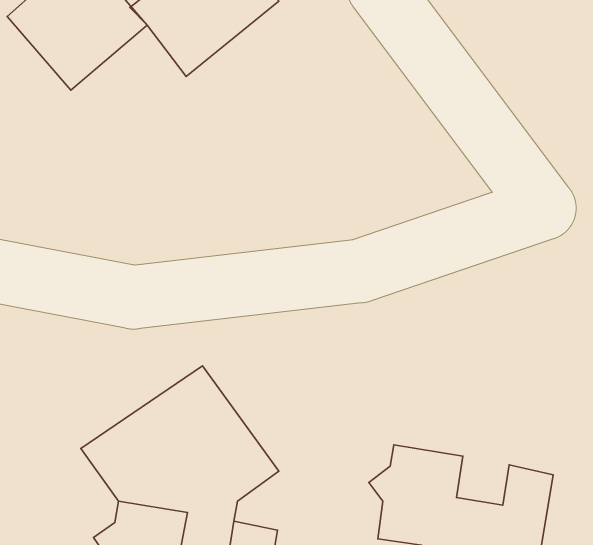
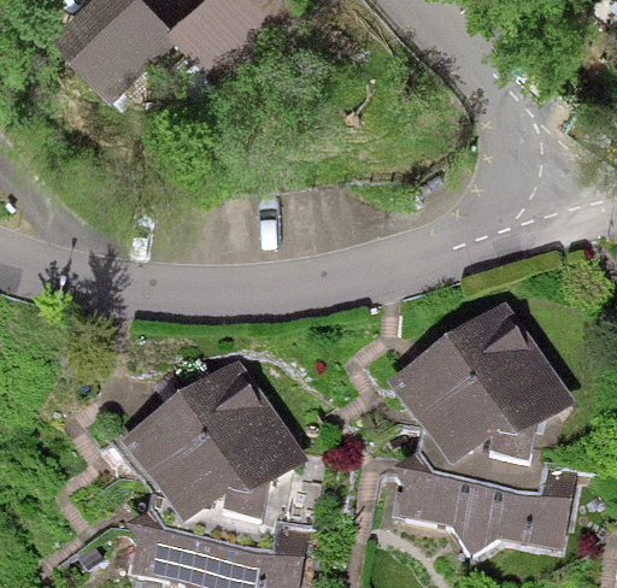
building: none -> [384,300,575,488]

